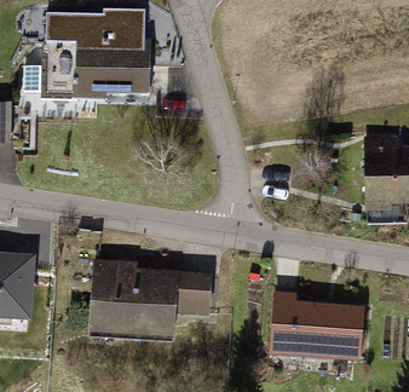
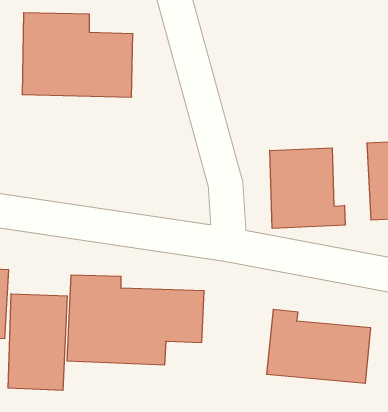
building: none -> [270,148,345,228]
building: none -> [8,294,67,390]

